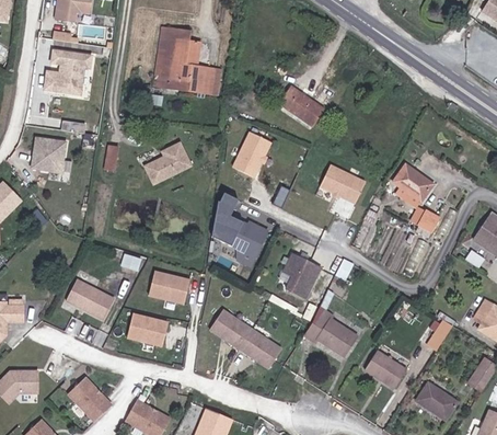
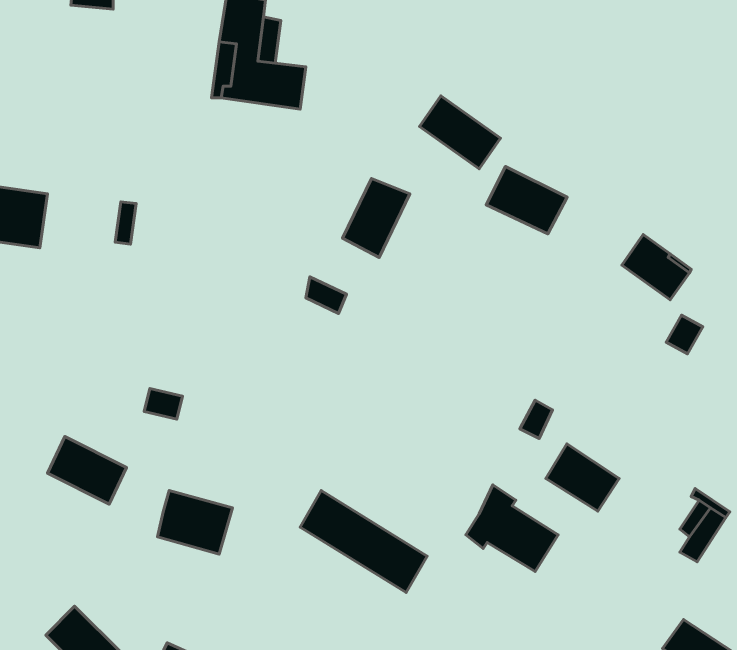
building: [44,47,94,94] -> none
building: [147,142,194,184] -> none
building: [320,164,366,203] -> [486,166,567,234]
building: [220,217,265,257] -> none
building: [284,254,320,298] -> none
building: [151,271,189,300] -> none
building: [363,350,405,388] -> [546,444,619,511]

